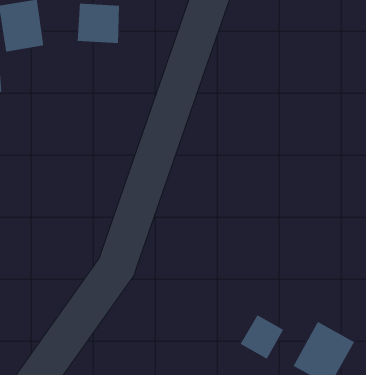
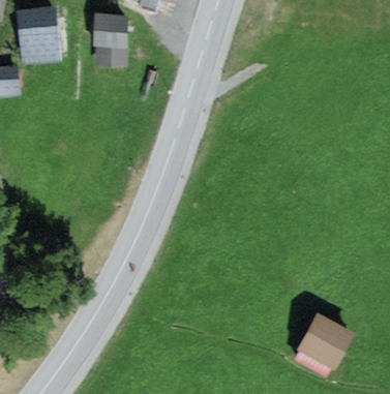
building: [240,314,284,360] -> none

